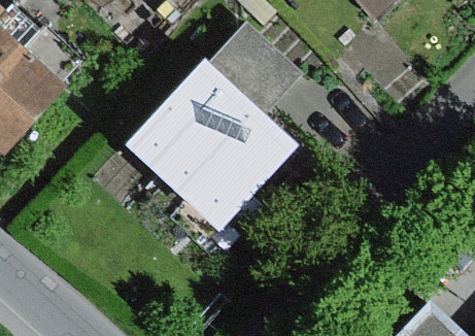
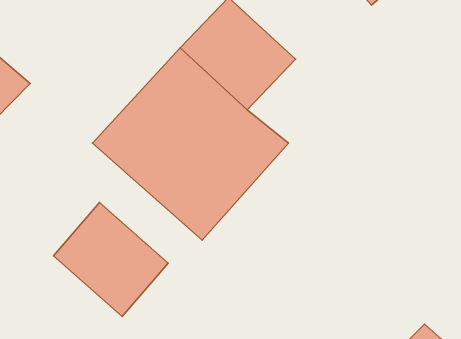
building: none -> [53,202,168,317]

